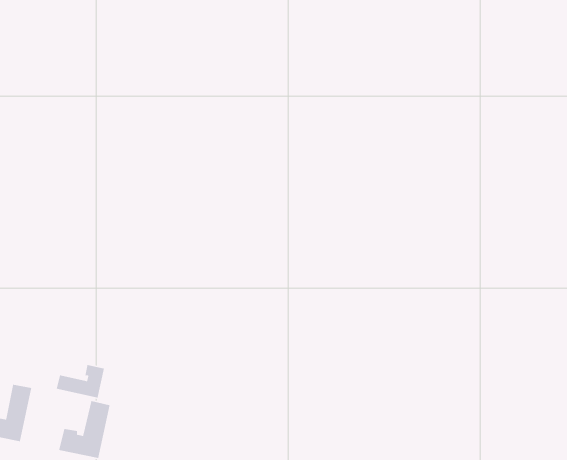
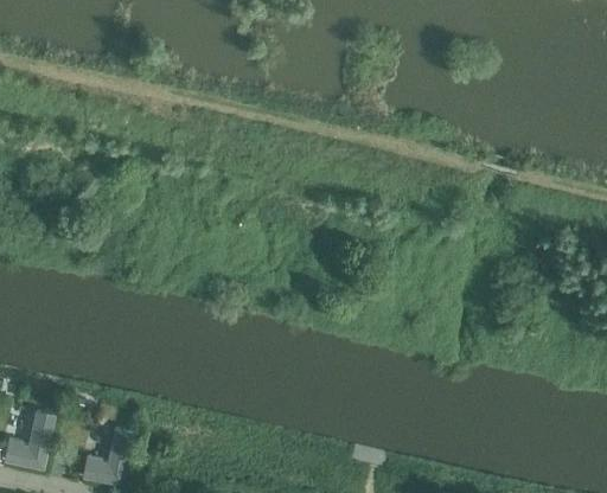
building: [56,364,105,399] -> none

